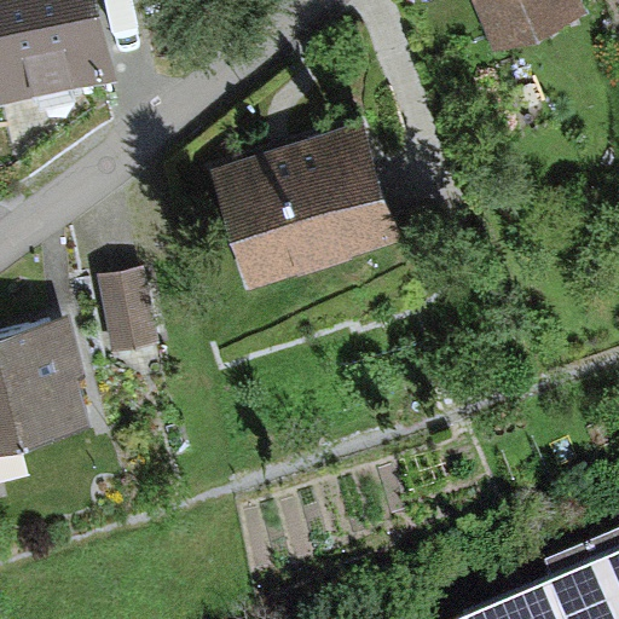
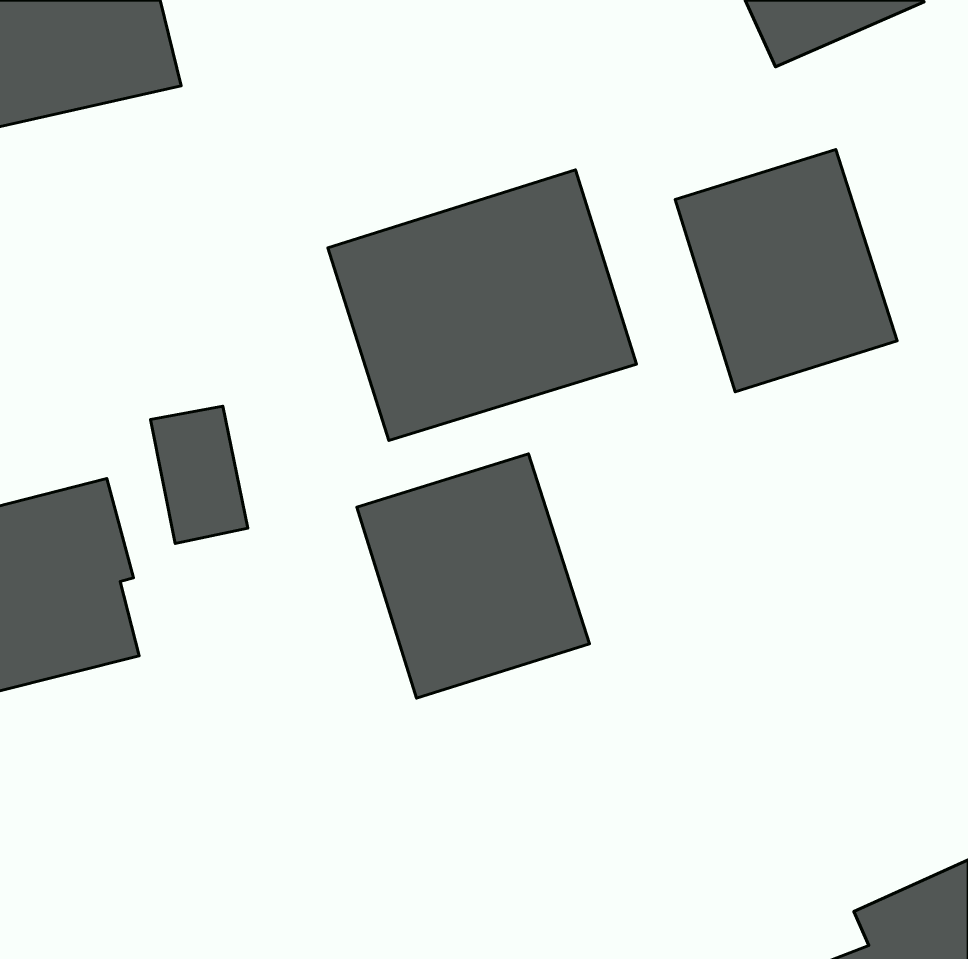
building: none -> [675,150,897,392]
building: none -> [357,454,589,698]

